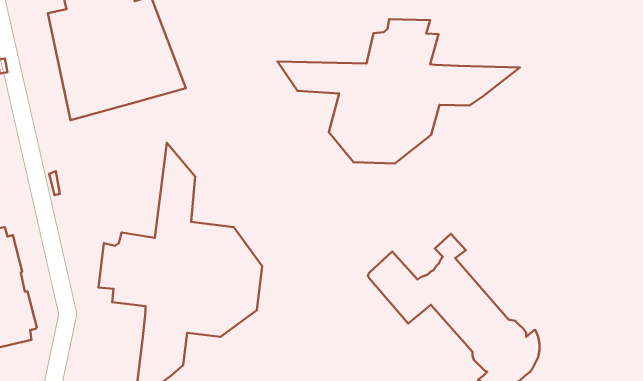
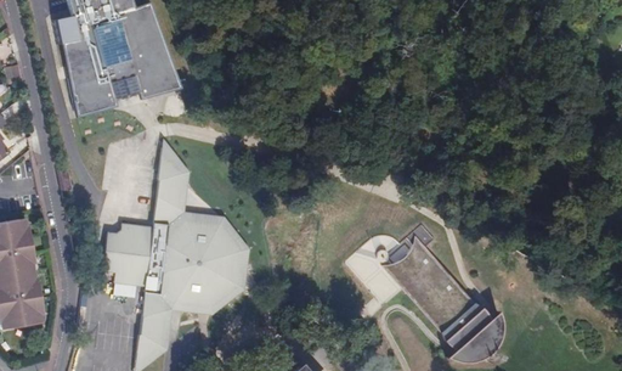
building: [278,19,520,163] -> none

